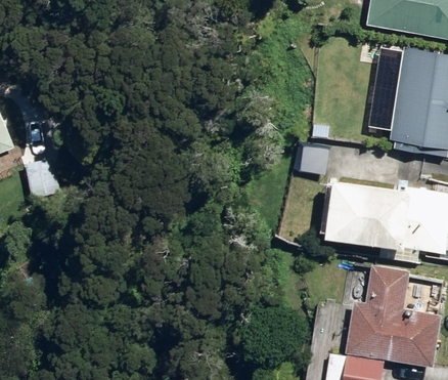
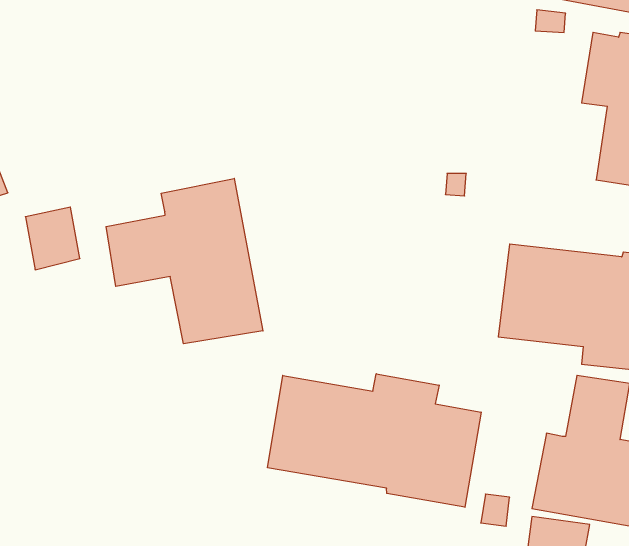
building: none -> [106,178,263,344]
building: none -> [268,374,481,507]

